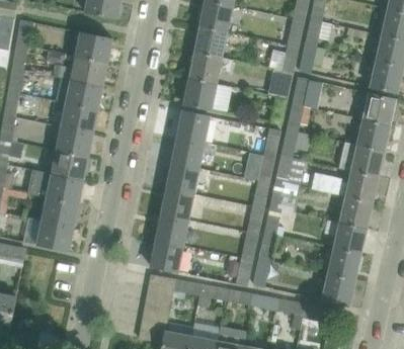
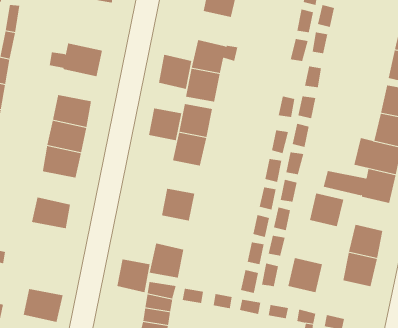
building: [194,26,226,59] -> [158,54,192,89]
building: [75,32,112,63] -> none
building: [267,69,292,99] -> none
building: [55,77,102,109] -> none
building: [166,164,197,194] -> [148,108,182,141]
building: [27,170,83,204] -> none
building: [339,197,372,229] -> [309,193,344,227]
building: [156,214,187,246] -> [116,259,151,293]
building: [36,221,74,252] -> [23,289,64,323]
building: [322,274,354,307] -> [288,258,323,293]

